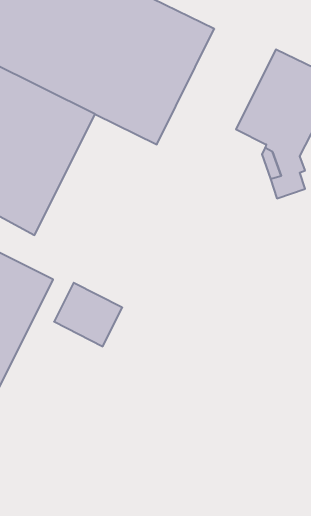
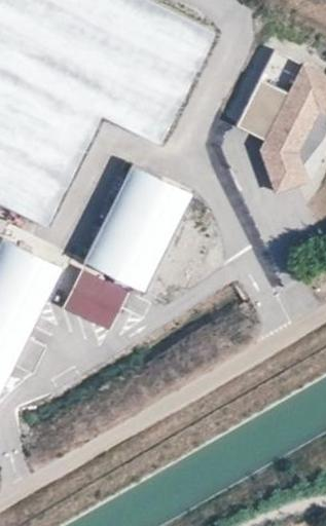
building: none -> [84,165,191,292]

